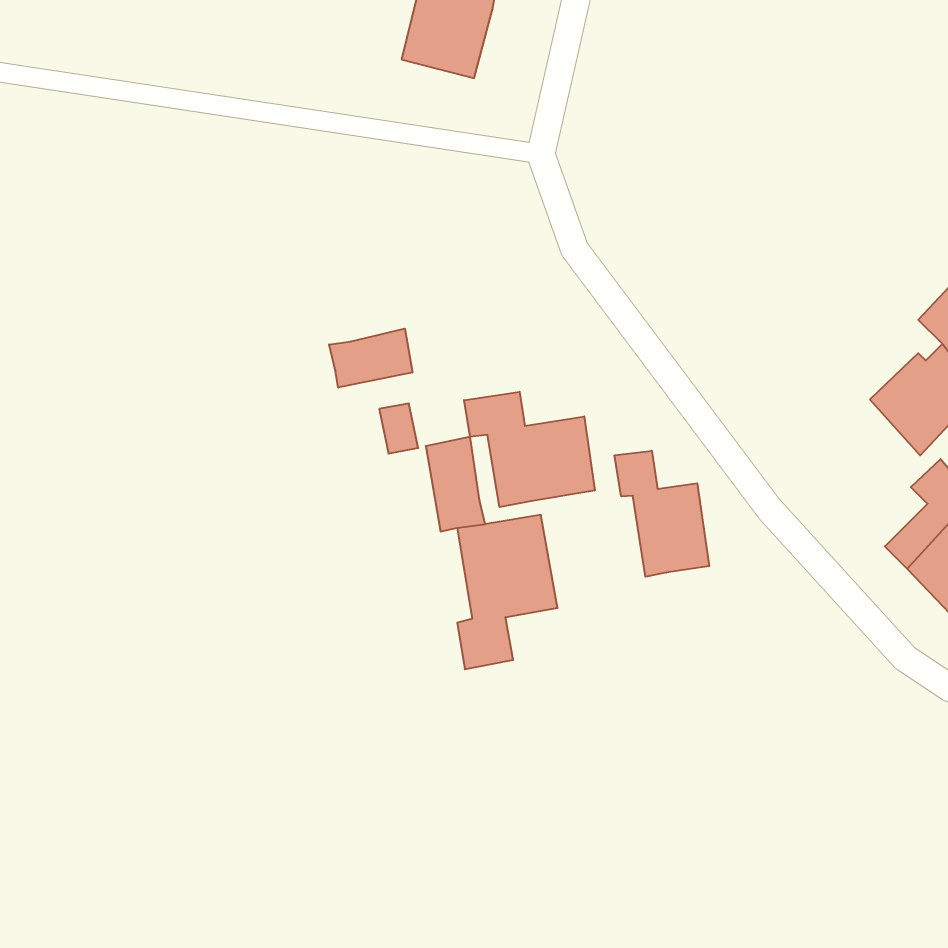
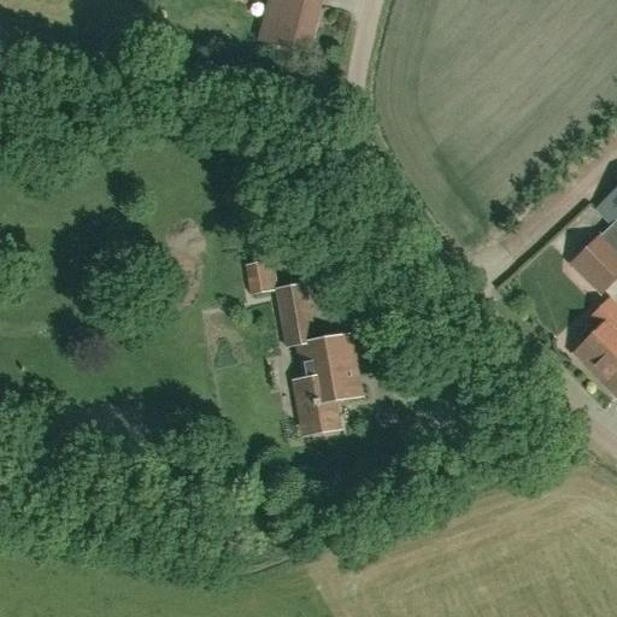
building: [329,329,412,388] -> none
building: [464,392,595,507] -> none
building: [615,451,709,577] -> none

